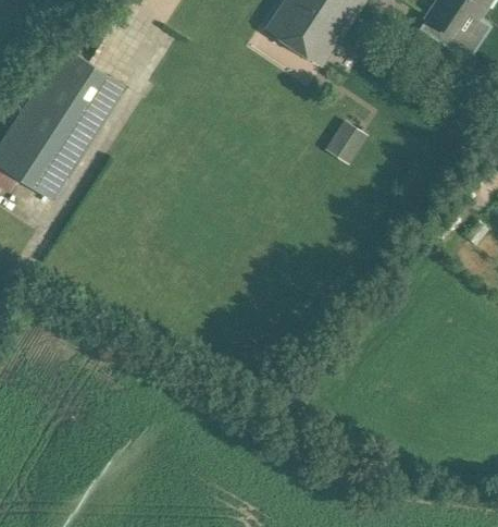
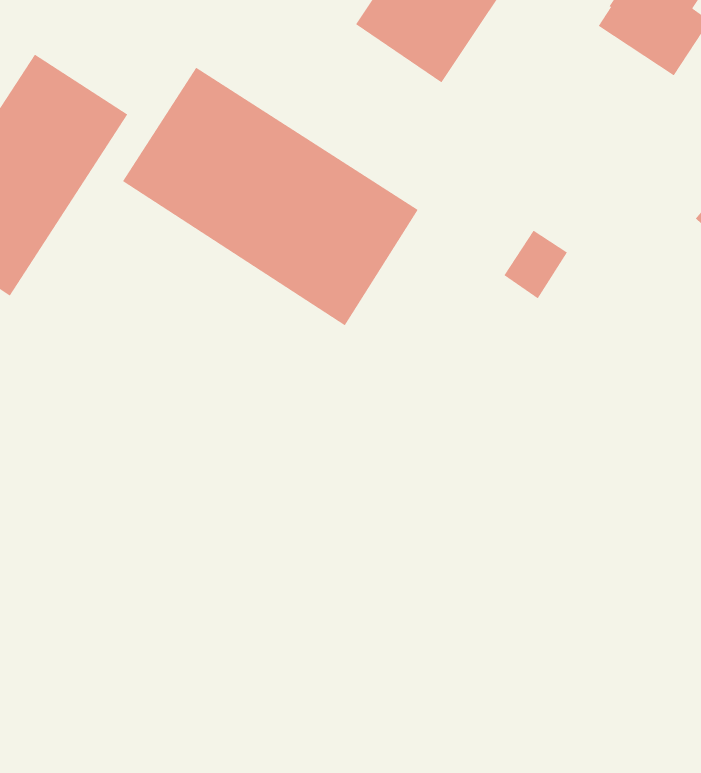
building: none -> [122,67,418,326]
building: [323,122,363,166] -> [504,230,568,299]

